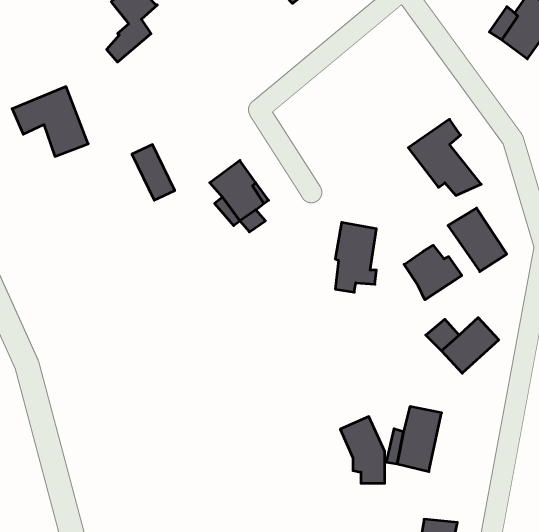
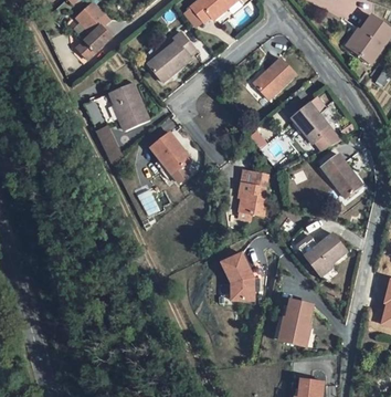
building: none -> [149,27,199,76]
building: none -> [252,60,298,102]
building: [12,87,88,156] -> [94,80,147,128]
building: [404,245,462,300] -> none
building: [340,417,385,483] -> [221,253,252,300]

